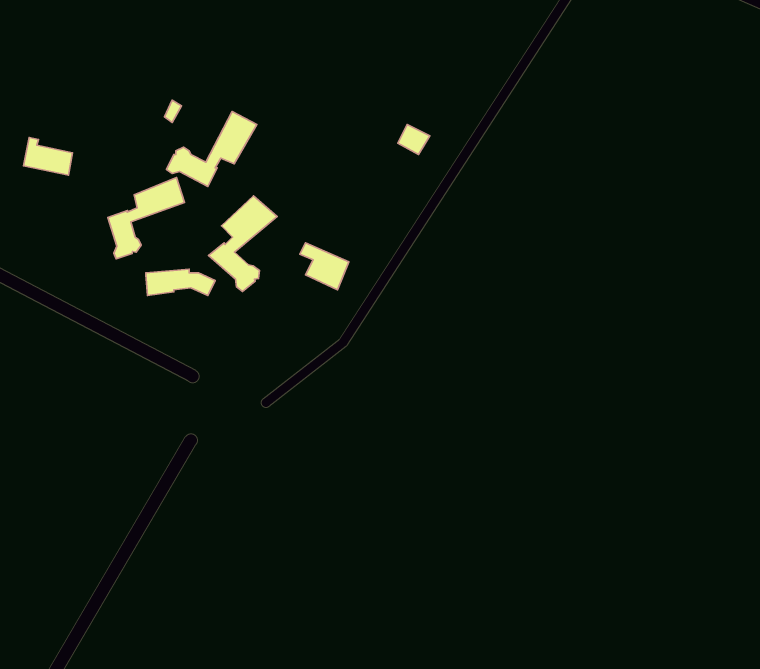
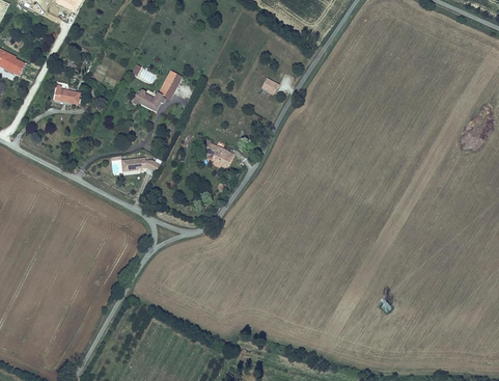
building: [108,177,184,259] -> none
building: [208,196,277,291] -> none

